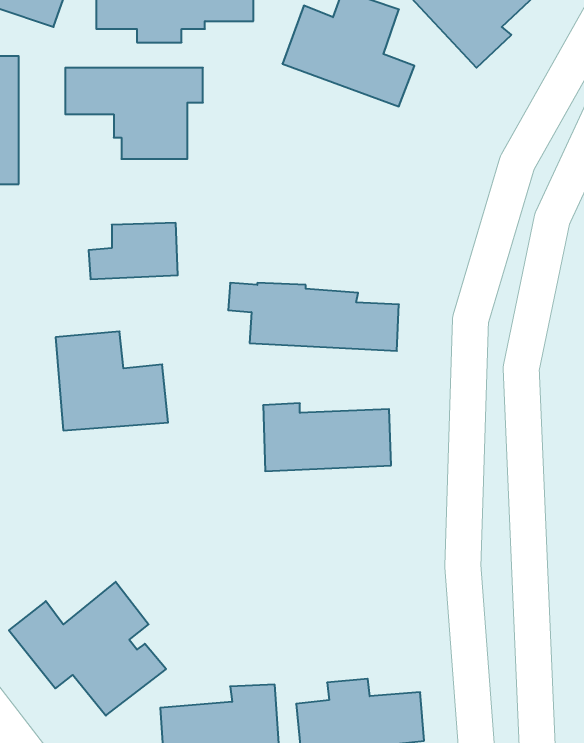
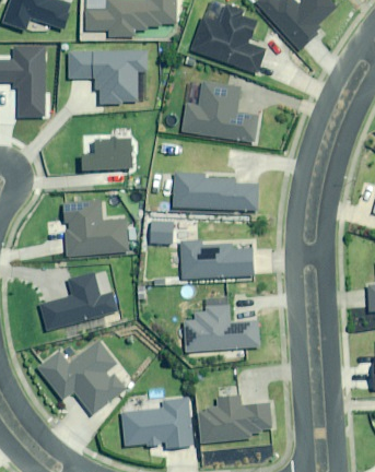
building: none -> [183,81,259,143]
building: none -> [151,220,172,244]
building: none -> [39,272,116,331]
building: none -> [184,305,259,362]

